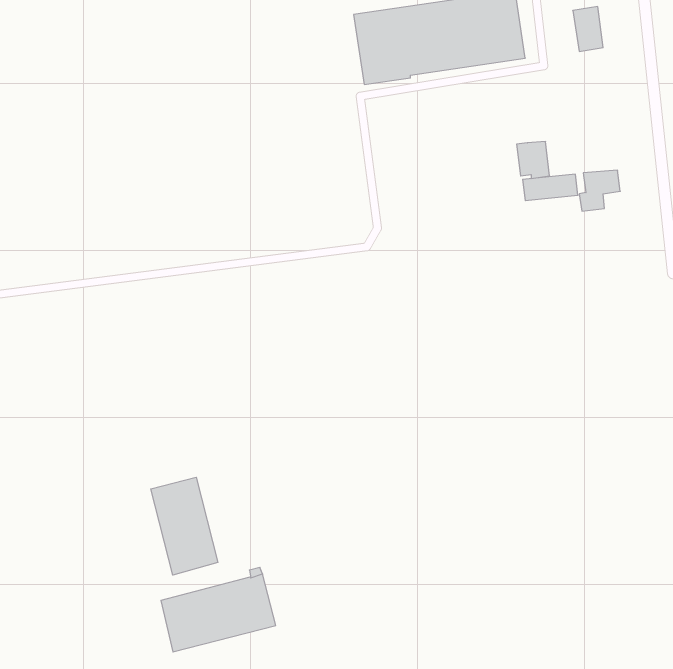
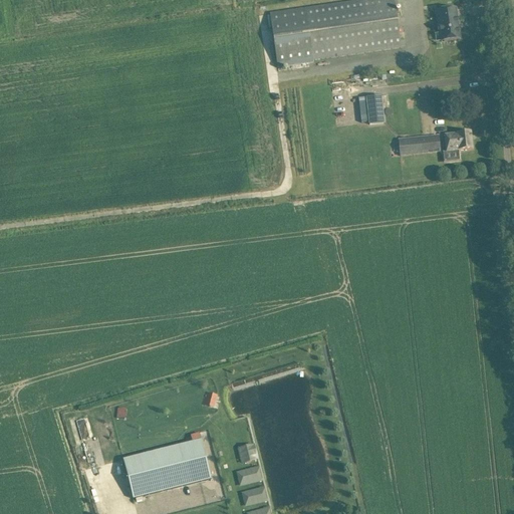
building: [517,142,550,179] -> [357,93,382,121]
building: [151,477,218,575] -> none

